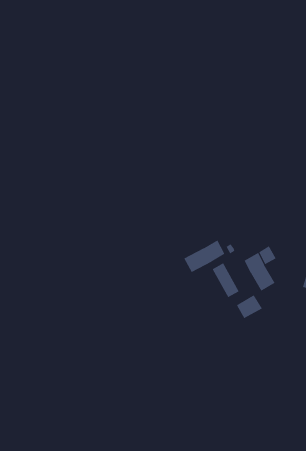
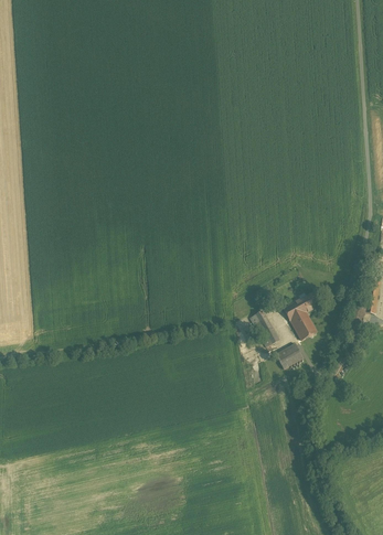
building: [184,239,225,273] -> none

